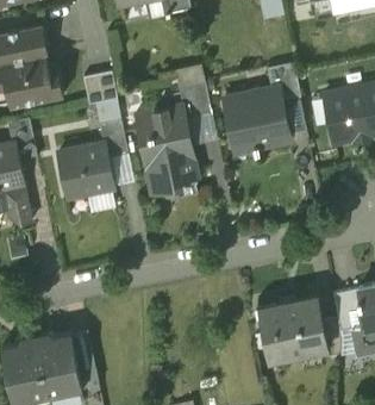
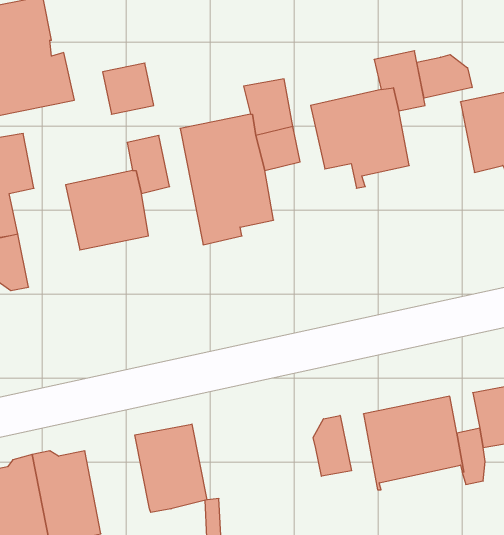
building: none -> [417,55,472,98]
building: none -> [313,415,351,476]
building: none -> [135,424,207,512]

